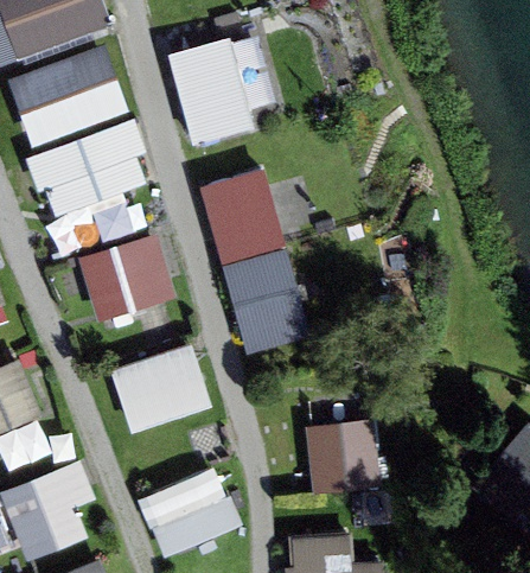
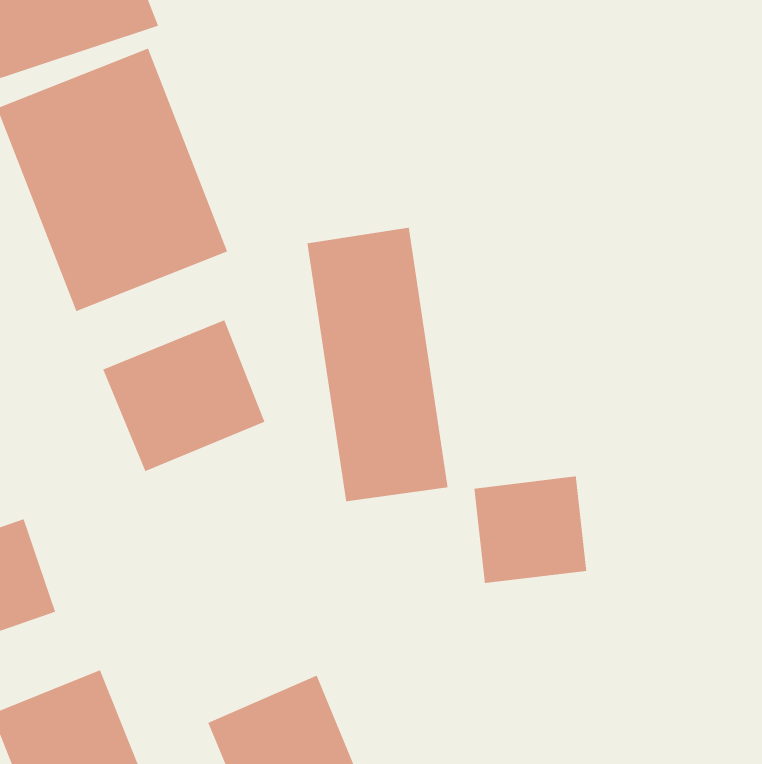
building: [167,39,256,145] -> none
building: [111,346,210,429] -> none
building: [306,421,382,494] -> [474,476,587,584]

